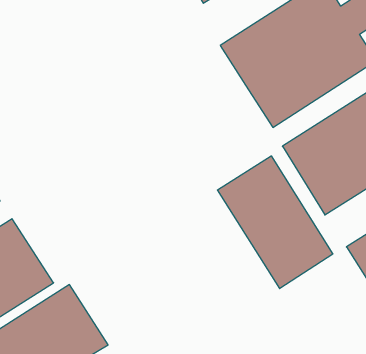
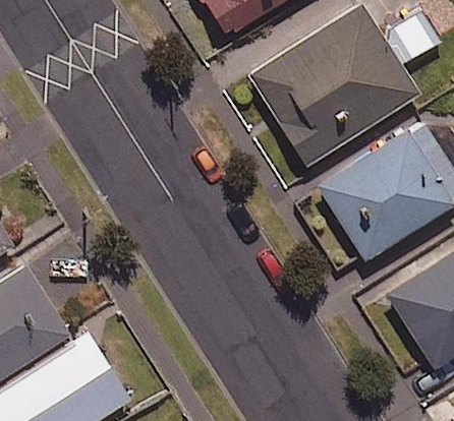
building: [217,156,333,289] -> none

